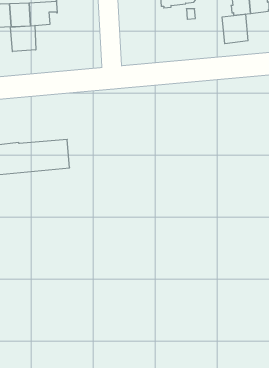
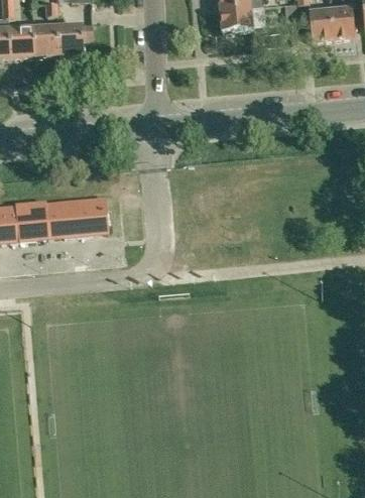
building: [222,14,248,44] -> none
building: [11,25,36,52] -> none

